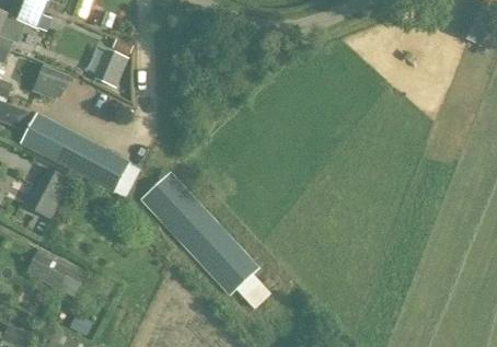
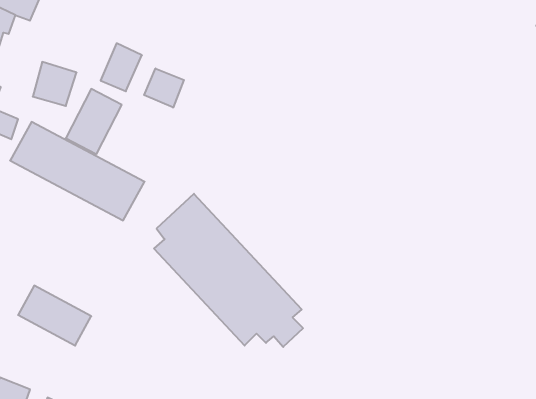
building: none -> [144,68,184,108]
building: [26,165,72,219] -> [66,89,122,154]

